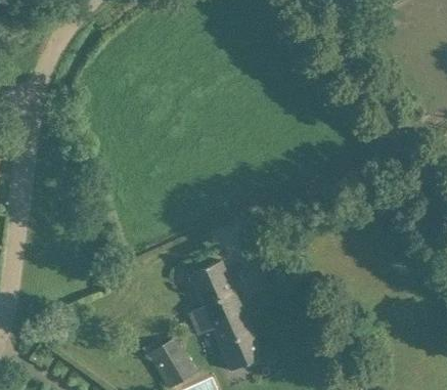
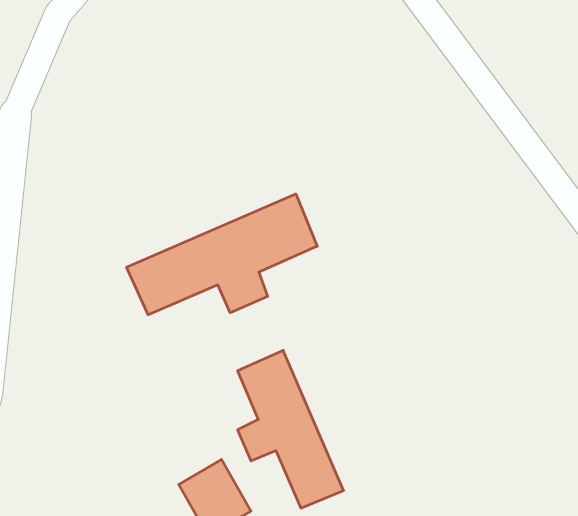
building: none -> [127,194,317,315]

